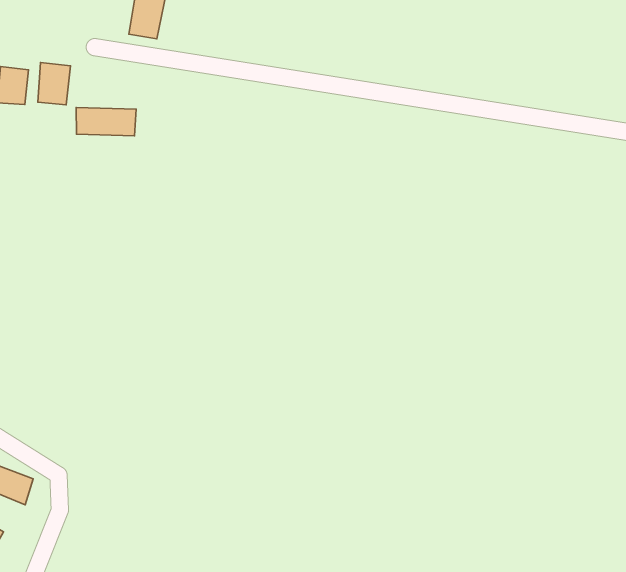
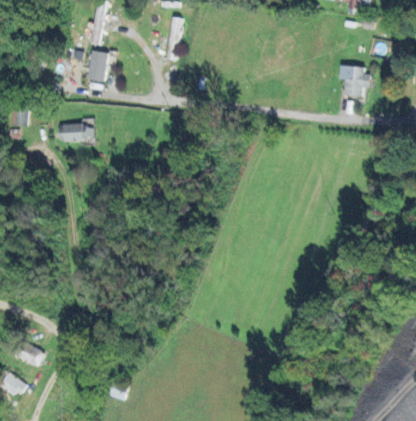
building: none -> [340,66,371,96]
building: [38,63,70,105] -> none

